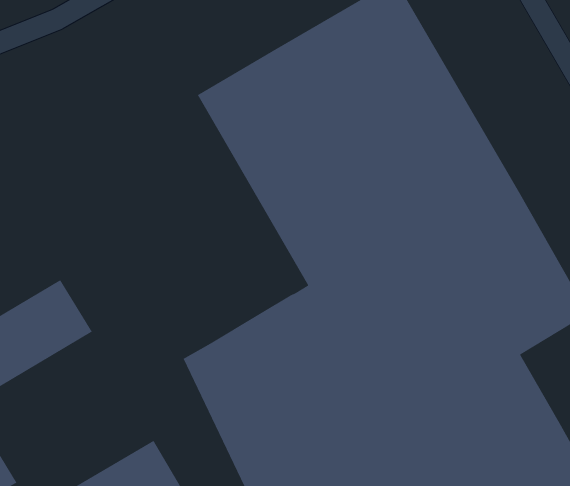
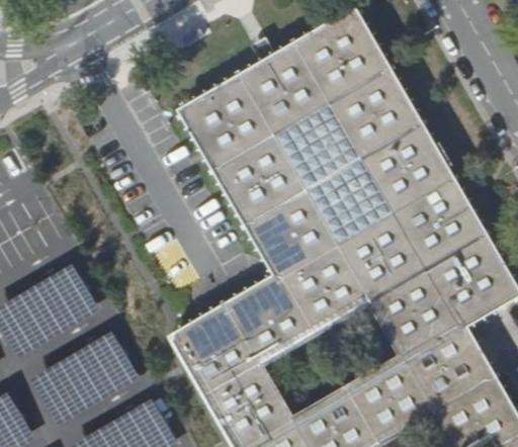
building: none -> [35,332,140,423]

